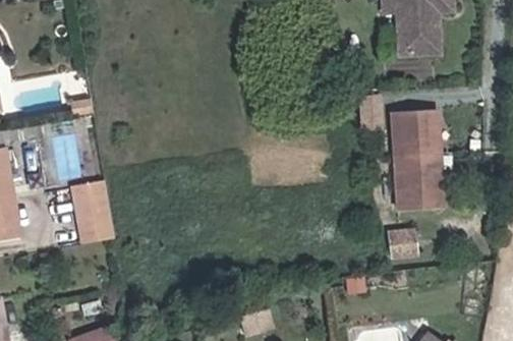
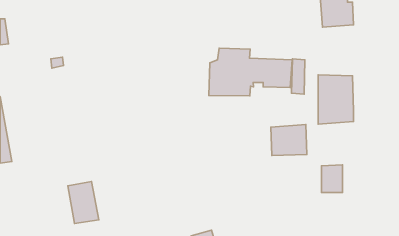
building: none -> [209,48,292,96]
building: [394,173,438,211] -> [271,125,307,155]
building: [74,187,112,238] -> [68,182,99,223]

